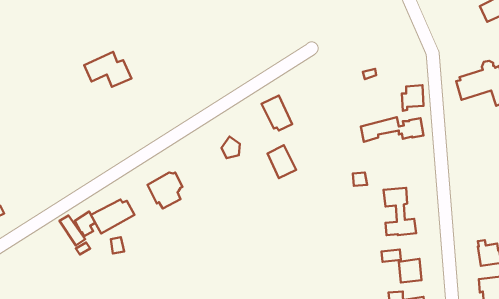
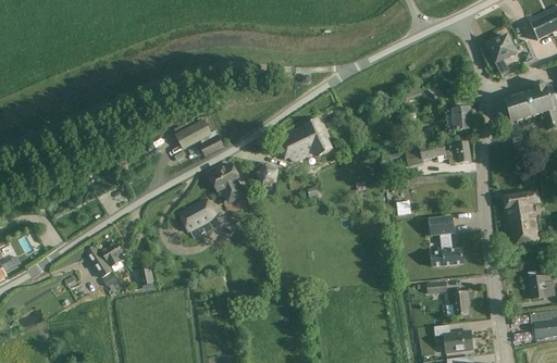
building: none -> [487,36,516,63]
building: [84,52,131,87] -> [174,118,224,155]
building: none -> [209,164,245,204]
building: [268,145,296,178] -> [282,127,312,162]
building: none -> [503,191,539,242]
building: [91,200,135,234] -> none

